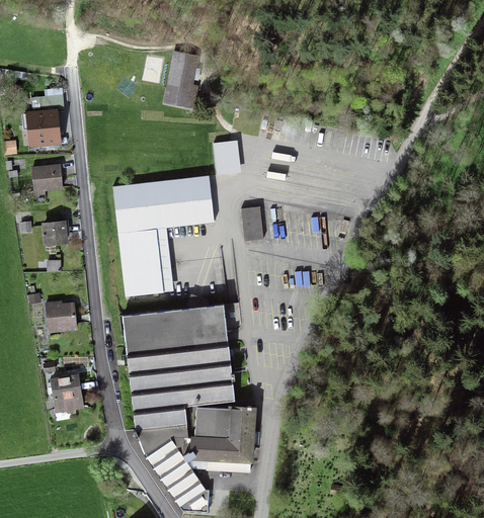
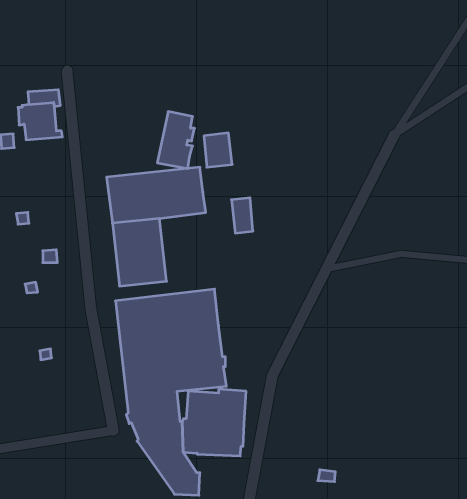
building: [162,54,200,112] -> [157,112,195,169]
building: [25,164,63,199] -> none
building: [41,220,69,246] -> none
building: [44,301,76,333] -> none
building: [47,373,83,415] -> none

